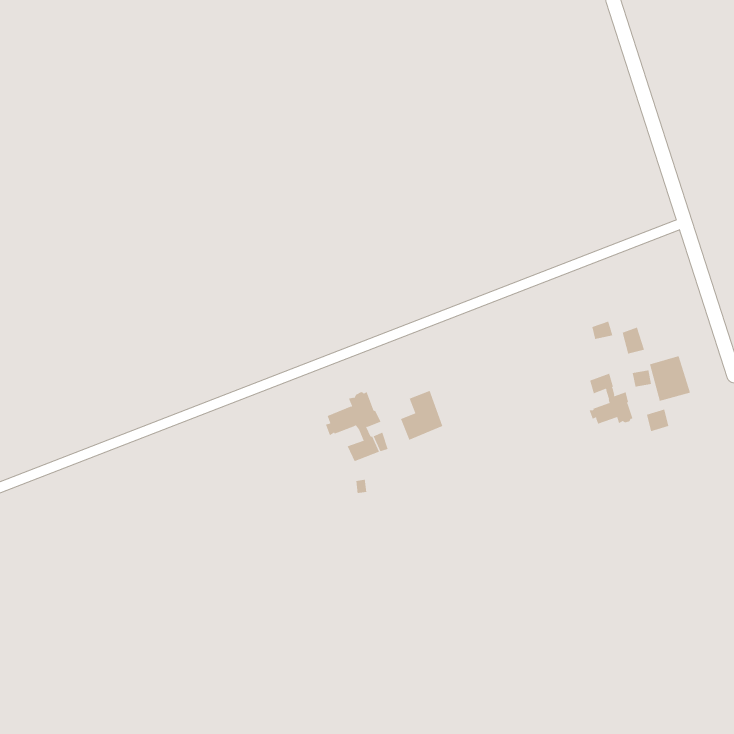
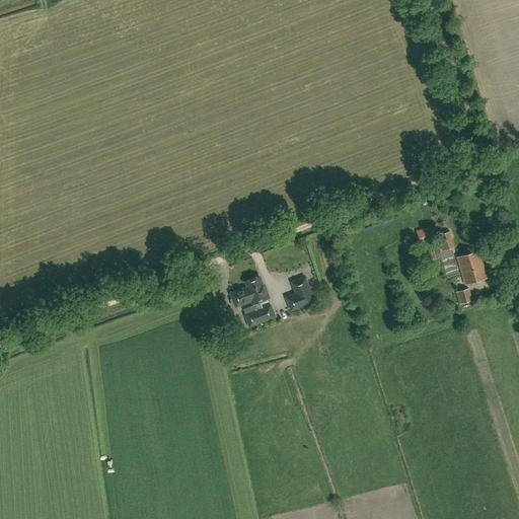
building: [589,373,633,424] -> none

